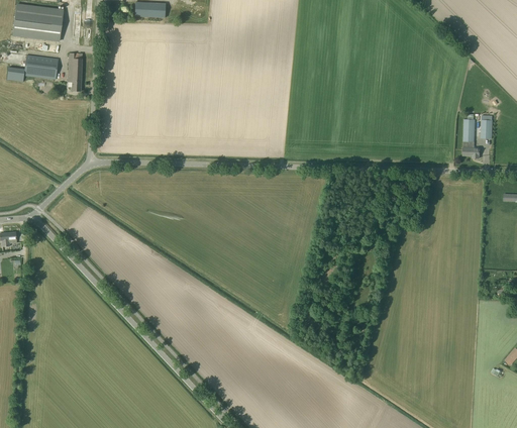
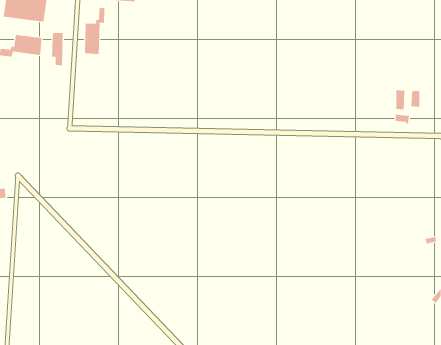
building: none -> [85,7,105,55]

